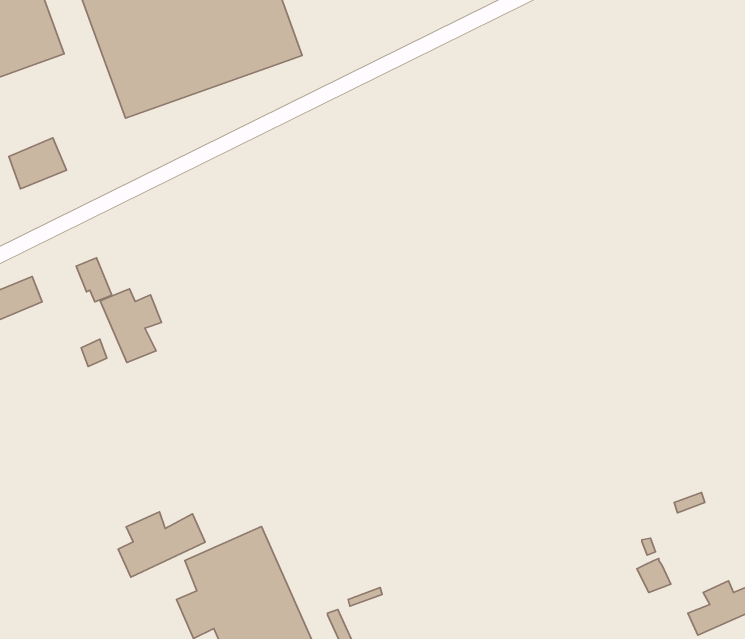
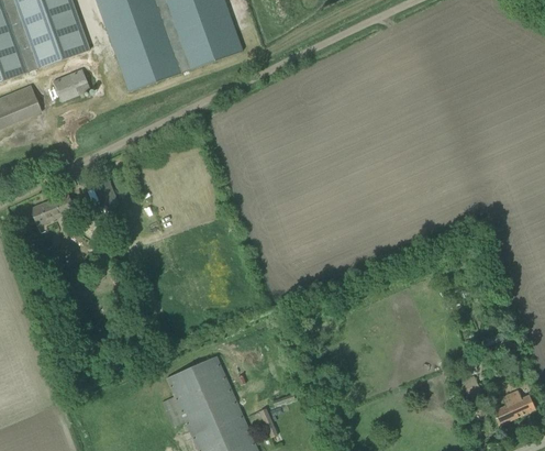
building: [9,138,66,189] -> [54,68,91,101]
building: [100,289,162,363] -> none
building: [118,512,205,577] -> none

